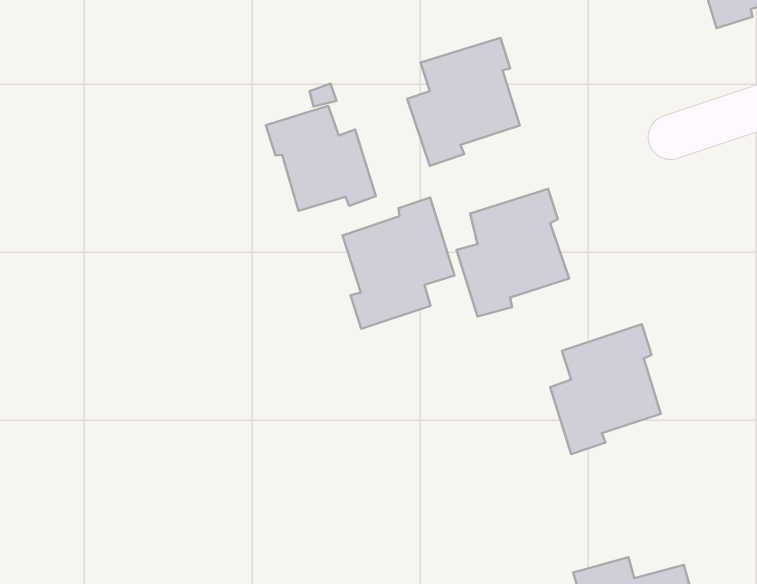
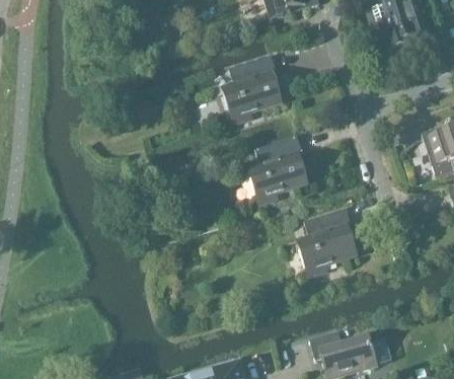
building: [266,106,376,211] -> none
building: [342,197,455,329] -> none

